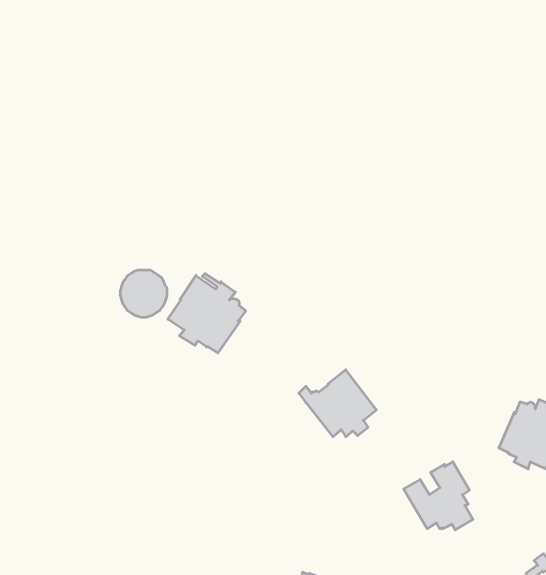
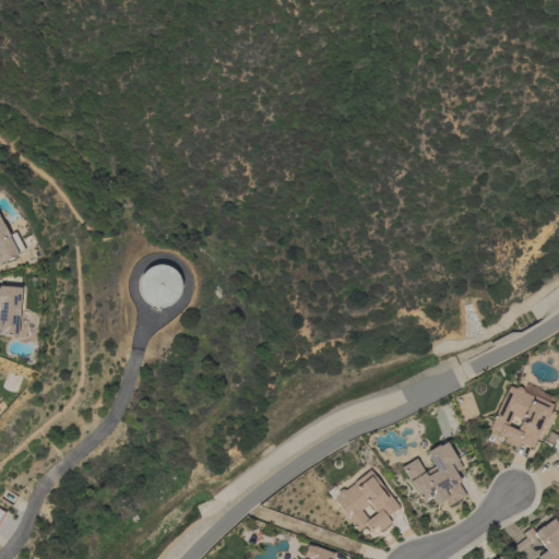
building: [168,274,246,353] -> none
building: [299,370,376,437] -> [328,469,400,532]

